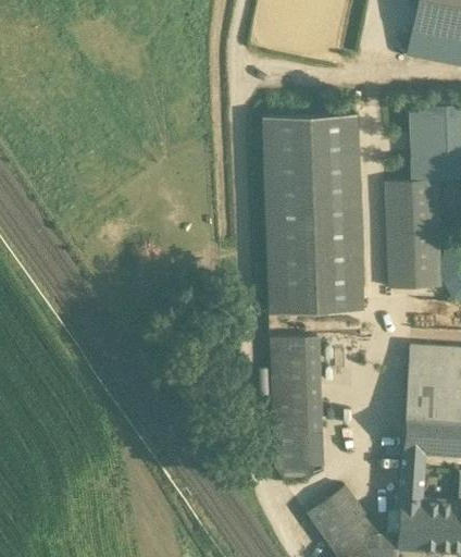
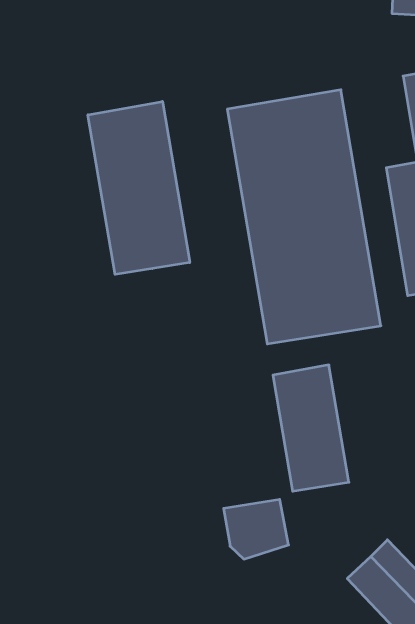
building: none -> [88,101,190,274]
building: [273,433,322,478] -> [224,499,289,559]

